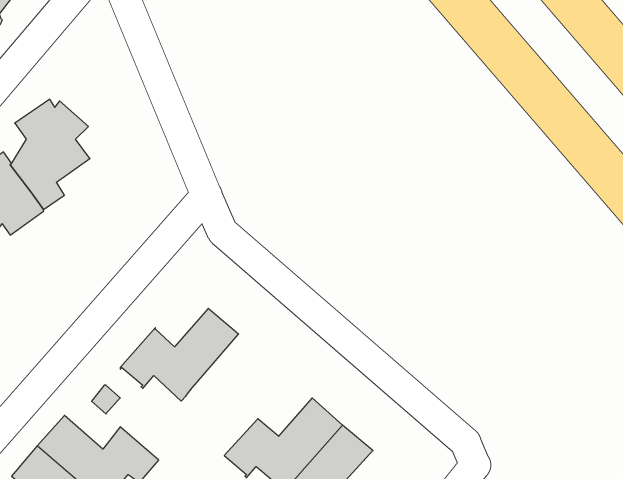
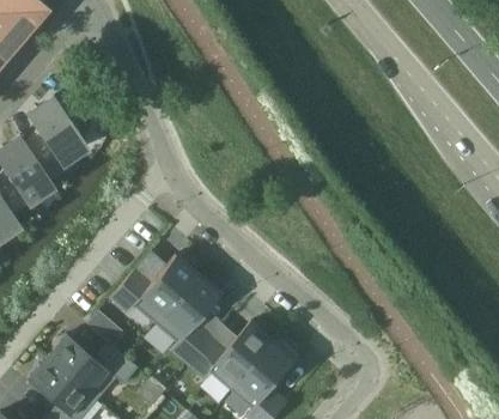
building: none -> [154,273,220,364]

